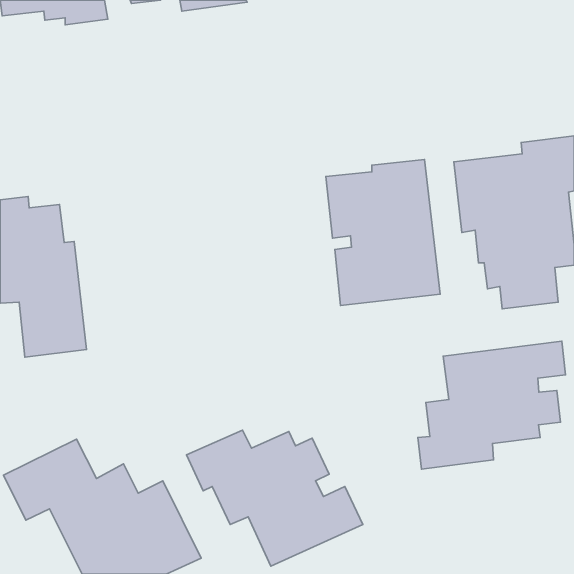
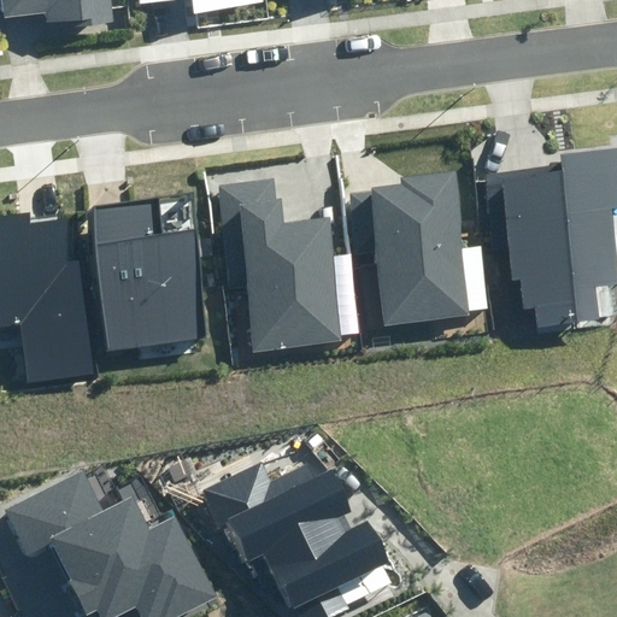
building: none -> [216,177,343,352]
building: none -> [90,199,210,351]
building: [418,341,566,469] -> none

